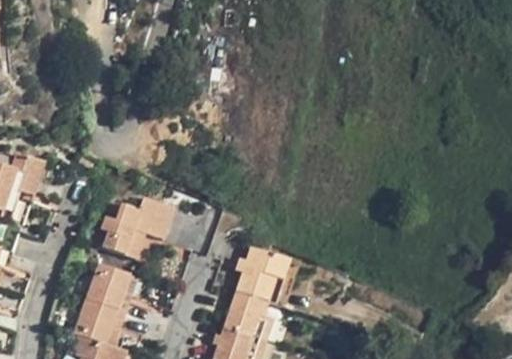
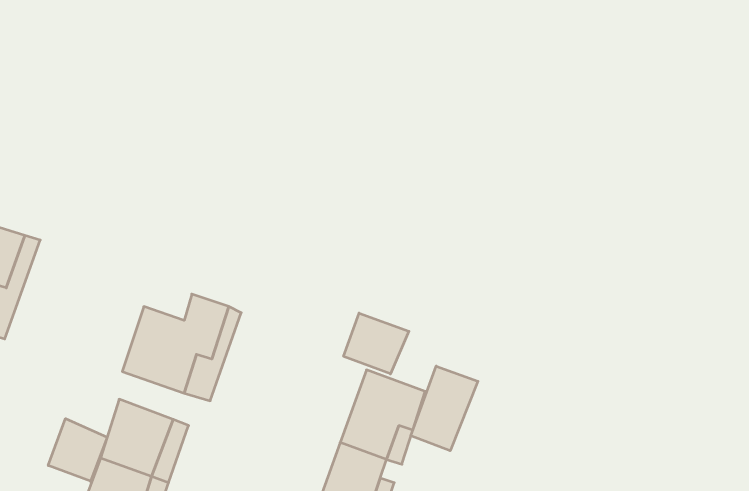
building: none -> [344,313,409,374]
building: none -> [411,366,478,451]
building: none -> [48,419,107,481]

